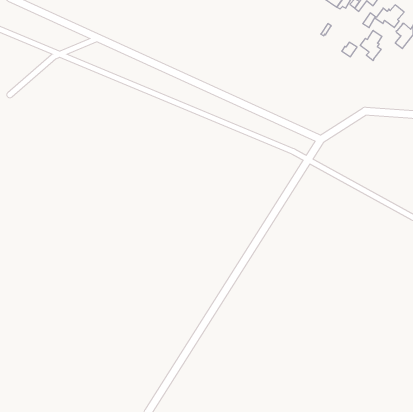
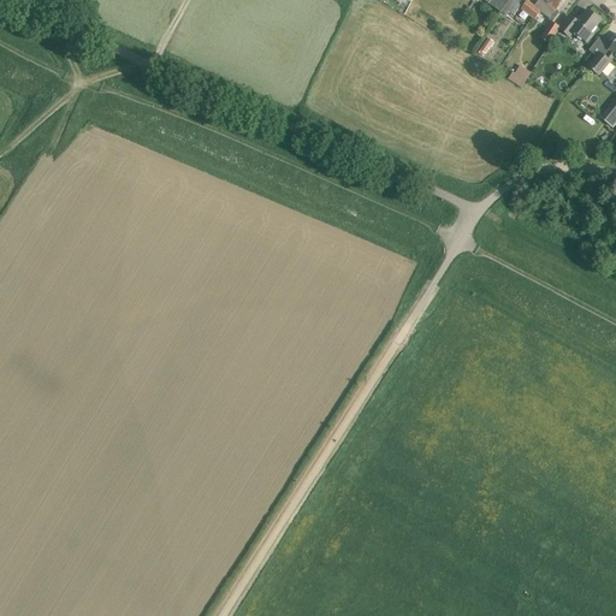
building: [360,30,382,61] -> none

